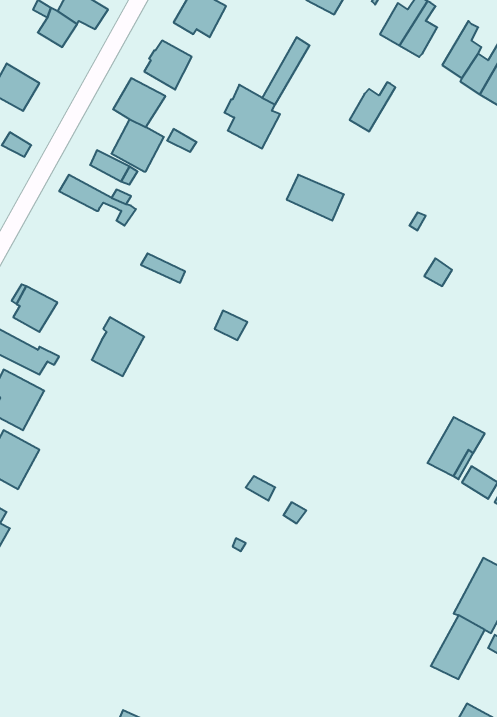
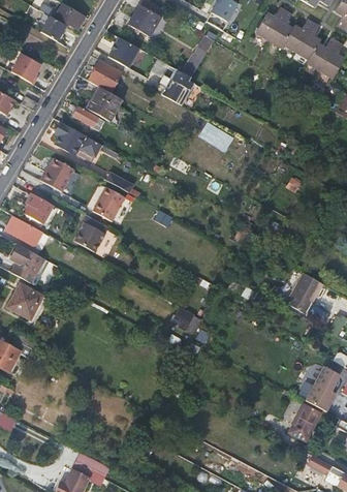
building: [350,82,395,131] -> [284,21,313,52]
building: none -> [41,156,76,189]
building: none -> [95,185,125,218]

